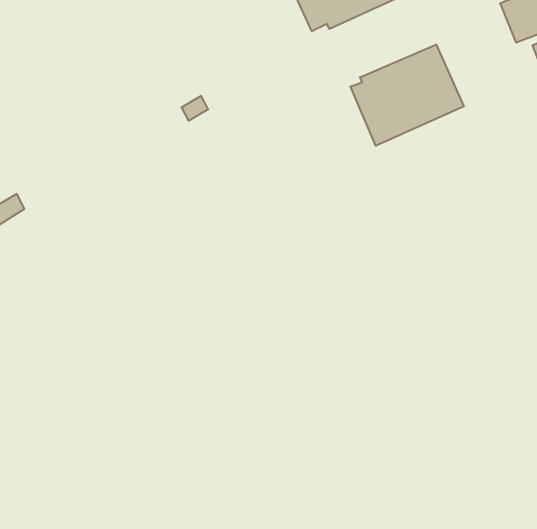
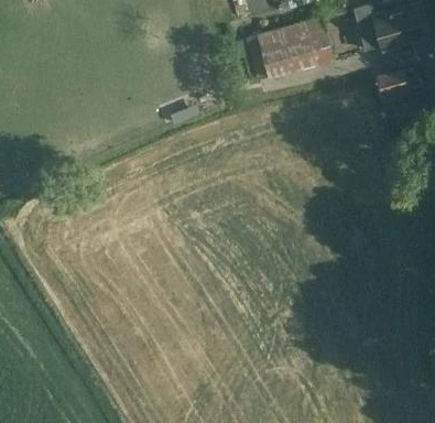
building: [350,44,464,146] -> none

